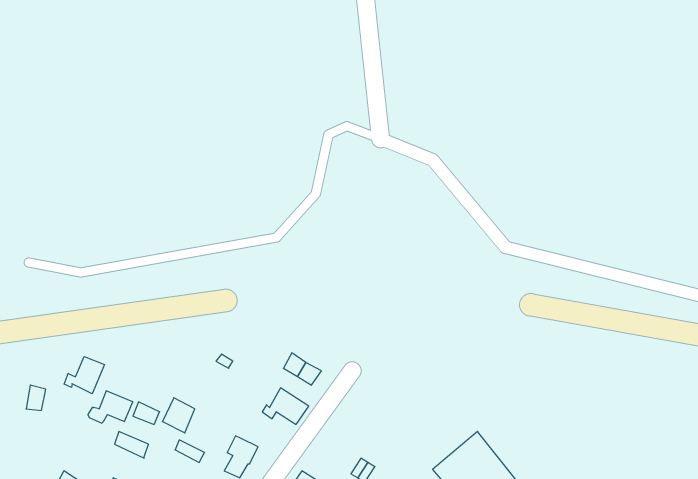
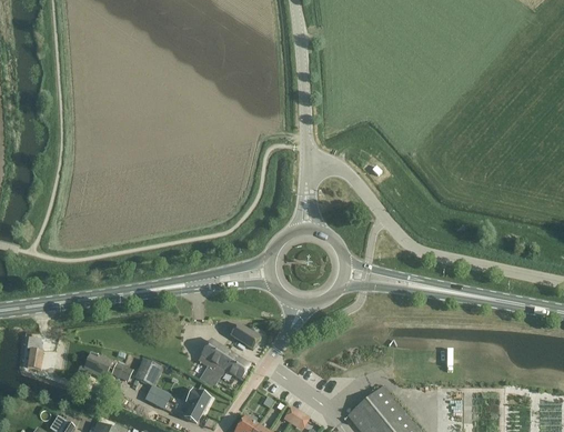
building: [64,357,105,394] -> none
building: none -> [198,339,228,369]

